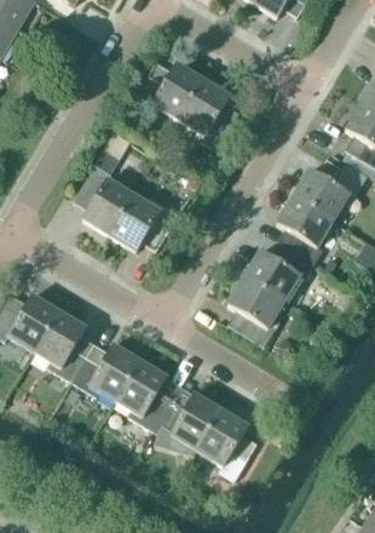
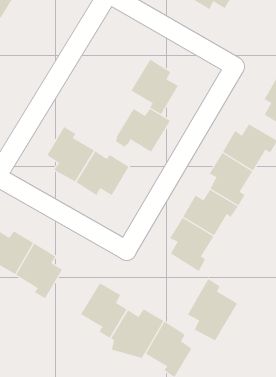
building: [133,63,203,119] -> [115,108,171,153]
building: [73,344,140,400] -> none
building: none -> [187,278,238,341]

